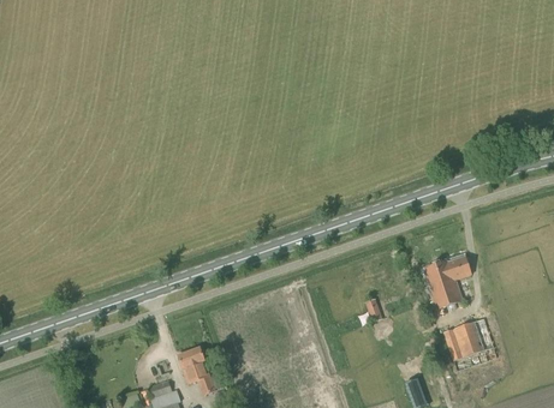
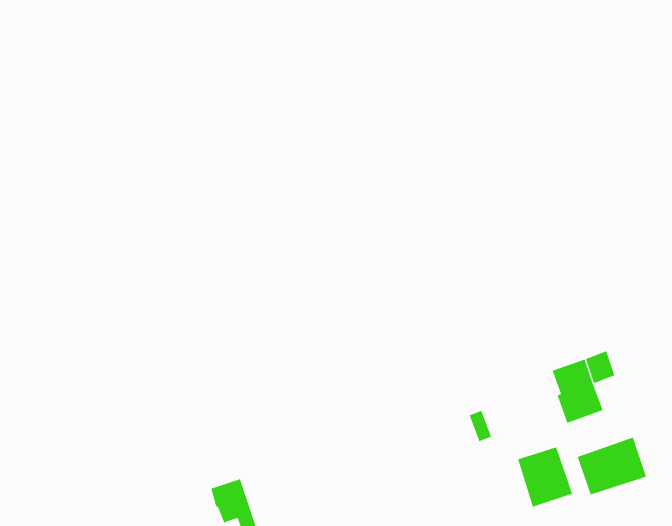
building: none -> [518,447,573,507]

